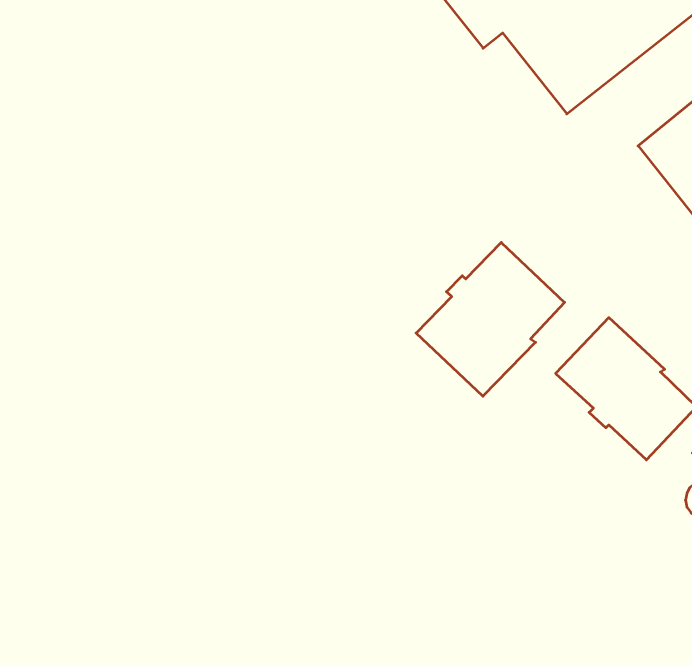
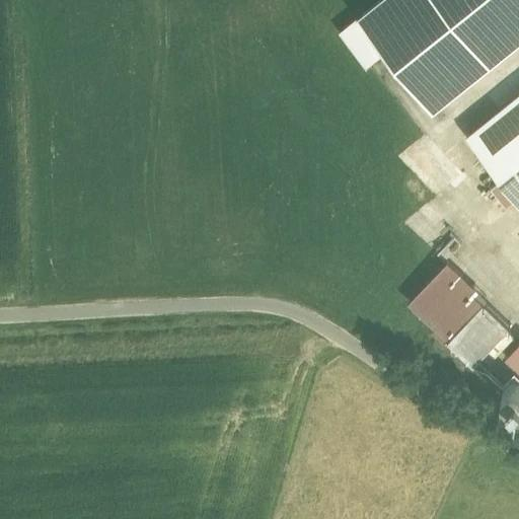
building: [416,242,565,396] -> none

